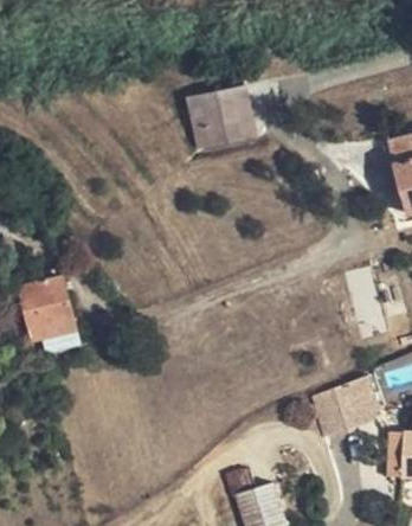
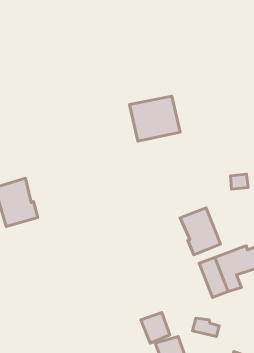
building: [186,88,258,152] -> [129,96,180,141]
building: none -> [180,208,220,255]

